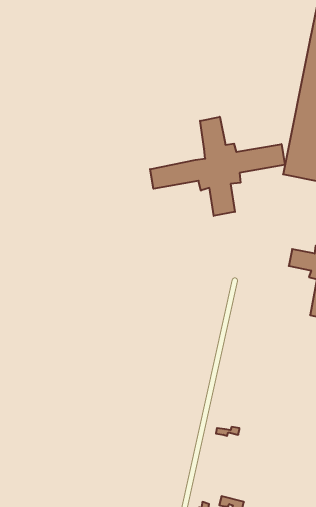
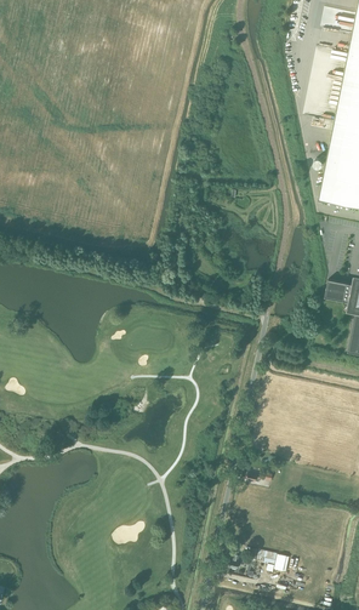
building: [150,117,285,216] -> none

